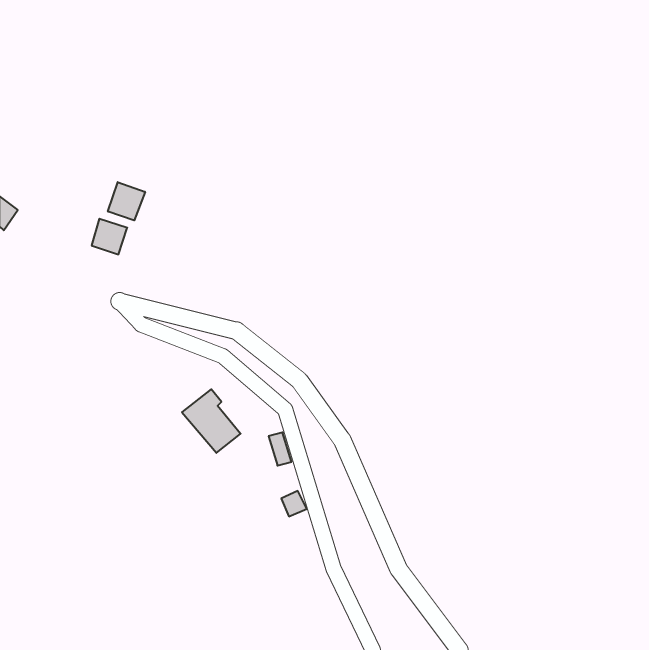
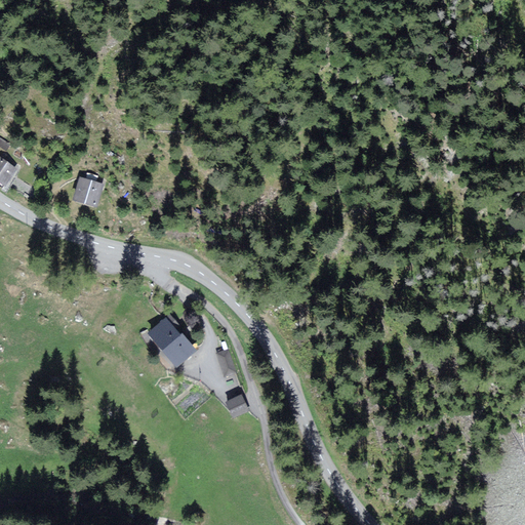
building: [108,182,145,220] -> none

